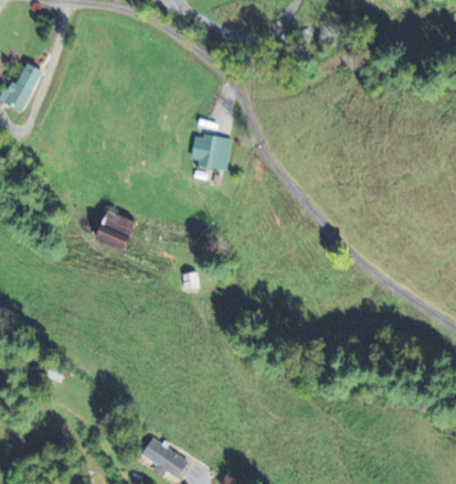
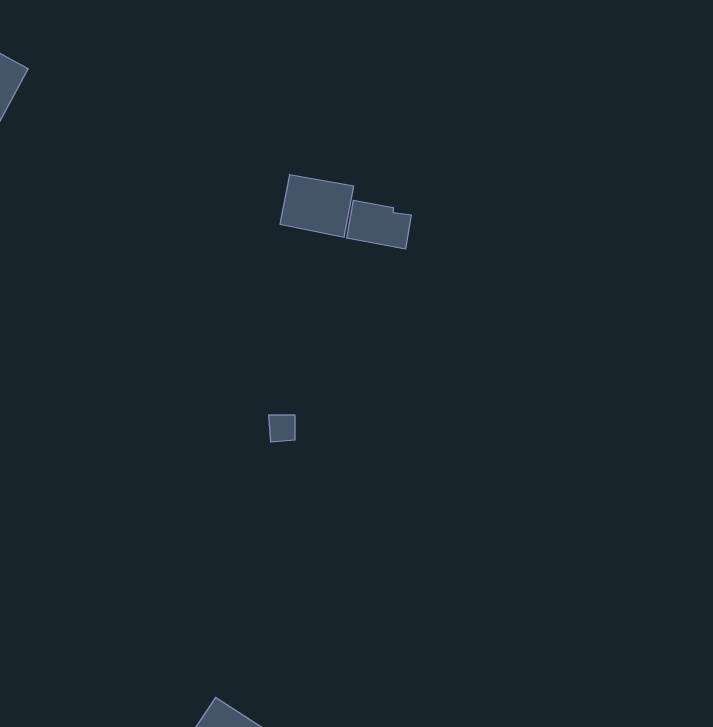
building: none -> [347,200,411,249]
building: [94,209,134,249] -> none

